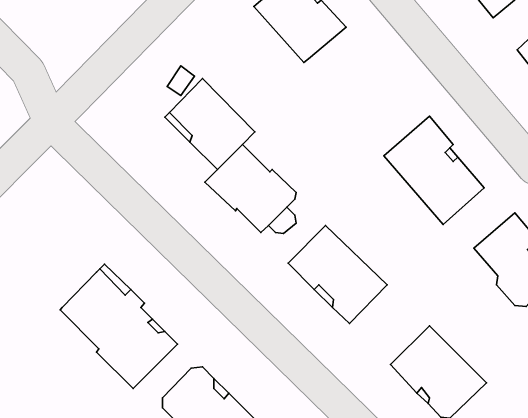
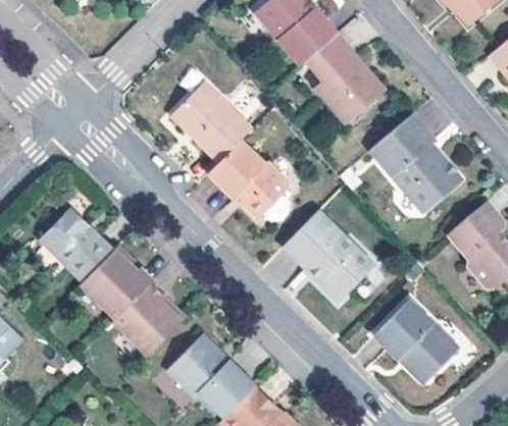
building: none -> [302,34,382,125]
building: none -> [41,211,112,284]

